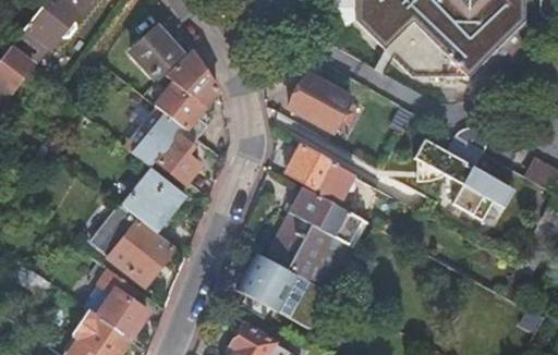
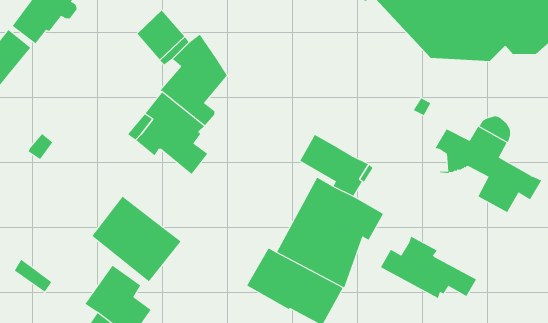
building: [271,74,352,140] -> none
building: [121,167,185,232] -> none
building: none -> [380,236,477,299]

